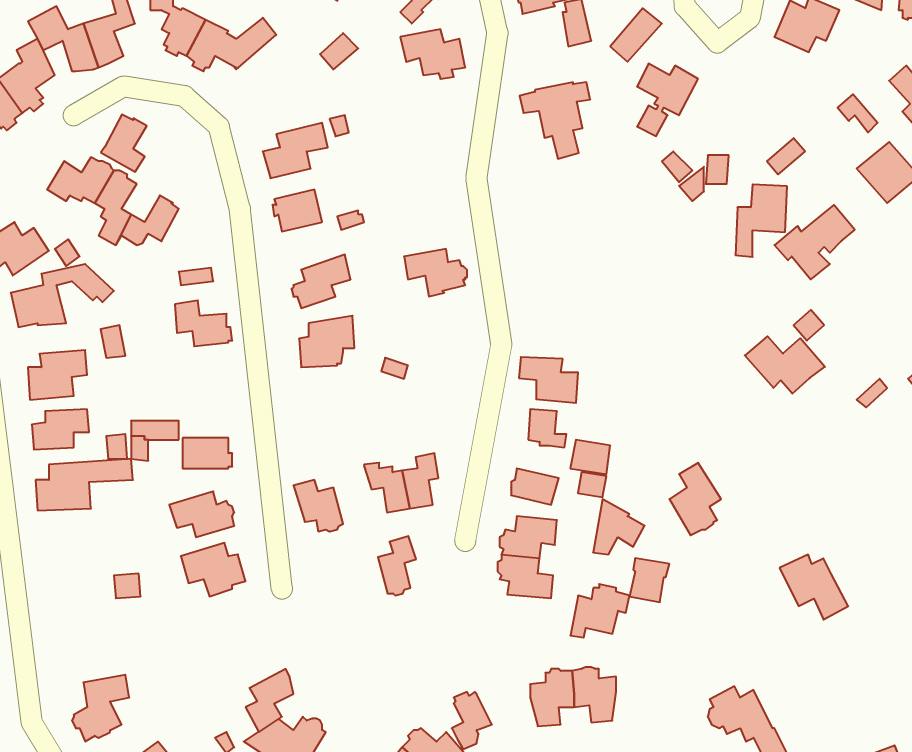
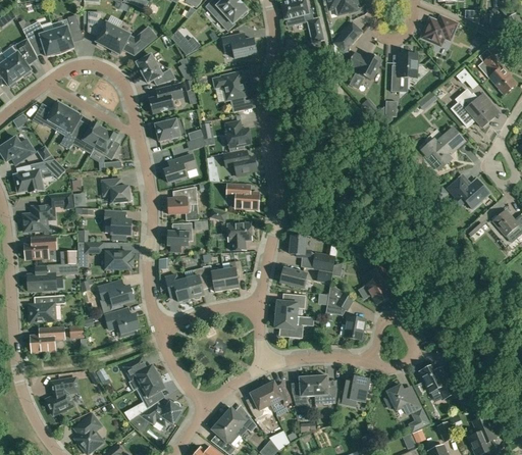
building: none -> [136,55,174,86]
building: [520,82,590,159] -> [212,71,250,112]
building: [101,114,147,172] -> [92,130,116,160]
building: [735,184,787,257] -> [389,53,417,92]
building: none -> [225,120,250,152]
building: [745,336,825,394] -> [447,178,489,208]
building: [519,357,578,403] -> [226,185,258,209]
building: none -> [104,211,130,235]
building: none -> [167,222,192,253]
building: none -> [227,223,251,250]
building: none -> [29,295,64,322]
building: [378,536,416,595] -> [186,267,206,299]
building: [780,555,848,620] -> [419,364,456,399]
building: none -> [30,327,63,352]
building: [570,584,630,638] -> [342,375,373,404]
building: none -> [122,355,160,386]
building: none -> [261,381,290,412]

